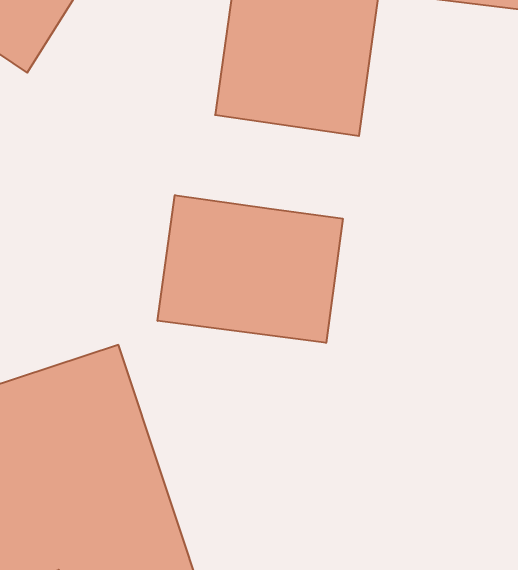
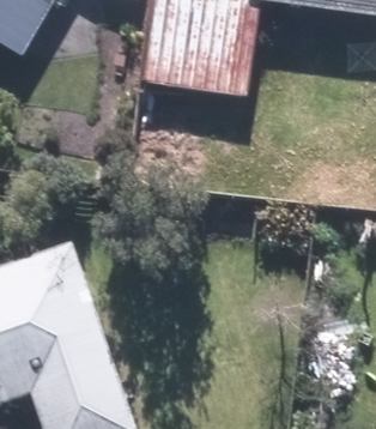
building: [158,195,343,343] -> none

